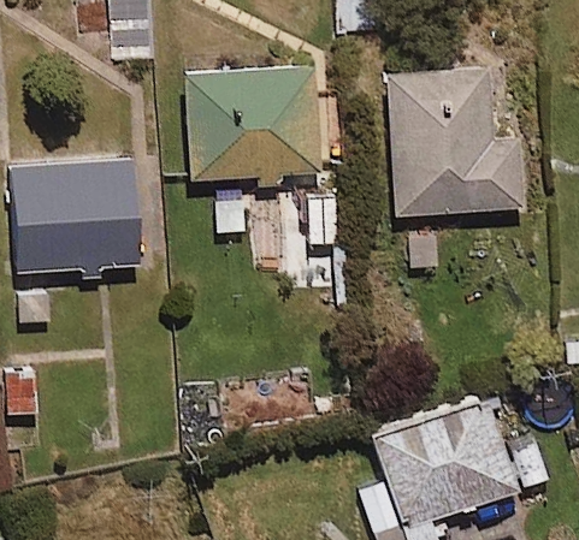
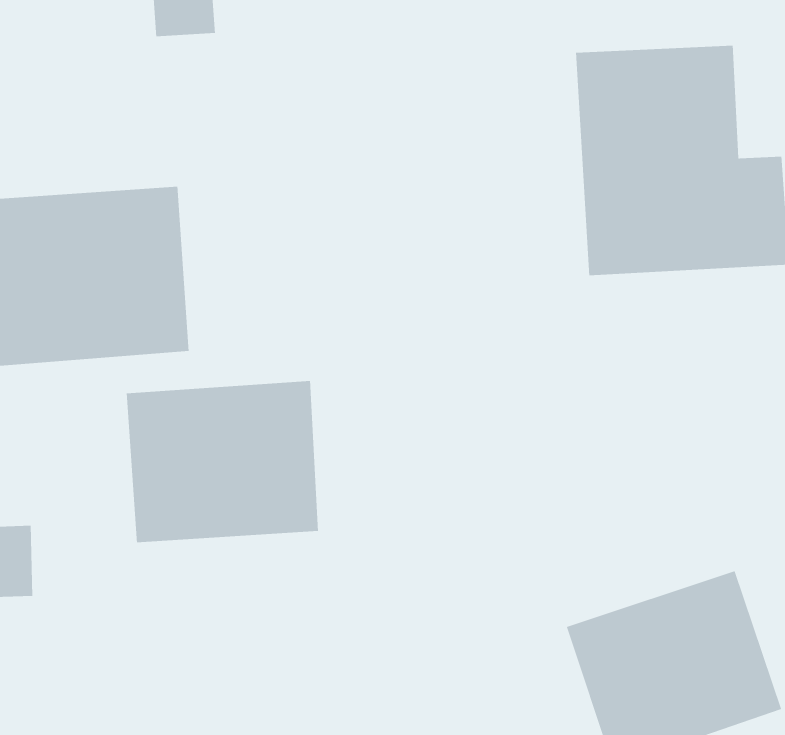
building: [184,63,319,180] -> none
building: none -> [126,380,319,543]

